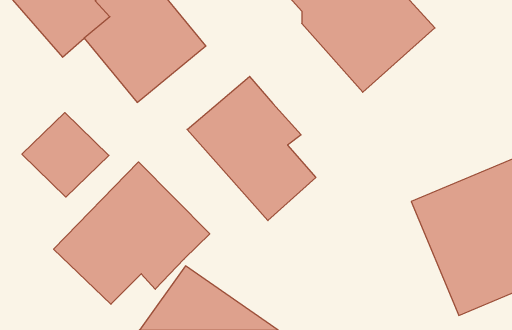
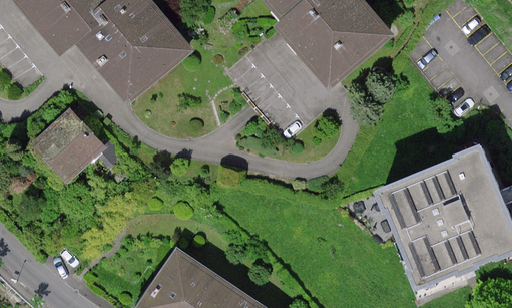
building: [187,76,316,221] -> none
building: [54,162,210,304] -> none

